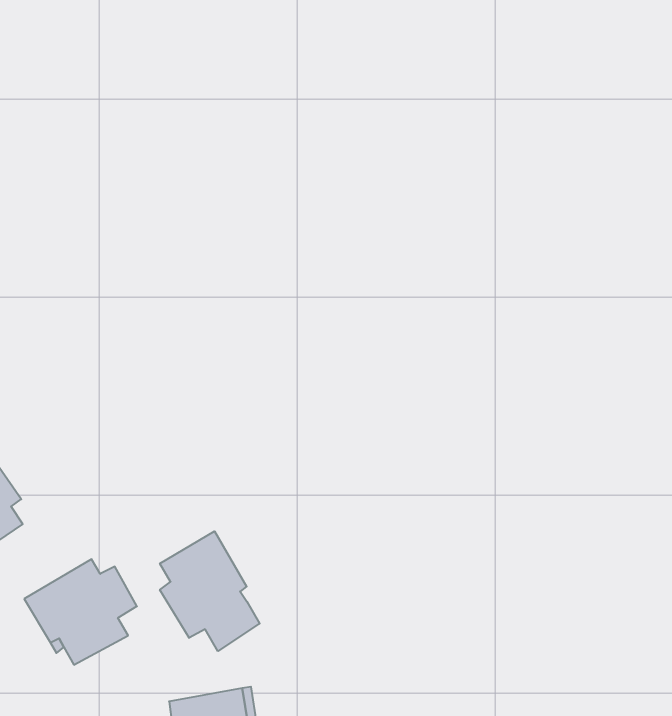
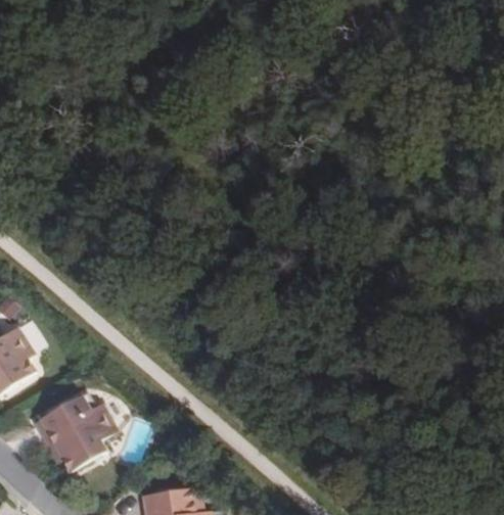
building: [160,531,260,651] -> none

